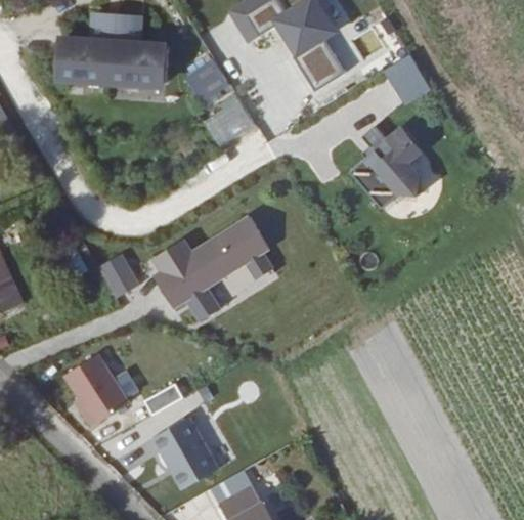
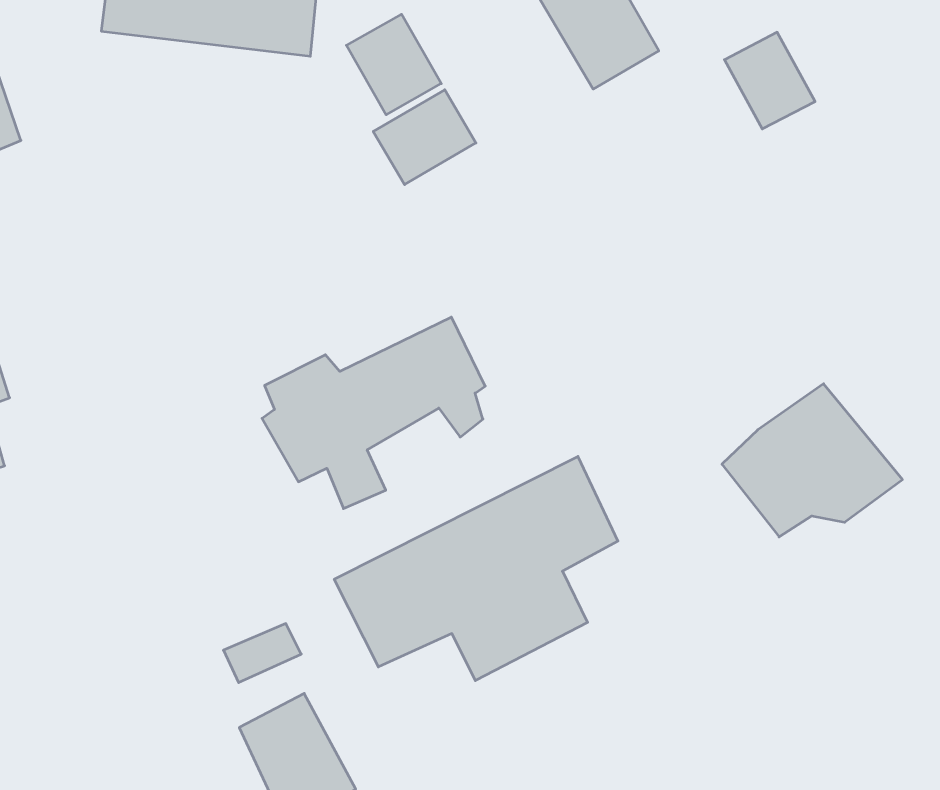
building: [349,126,444,208] -> [722,384,902,537]
building: [97,253,139,298] -> none
building: none -> [334,456,618,681]
building: [62,355,129,430] -> none

